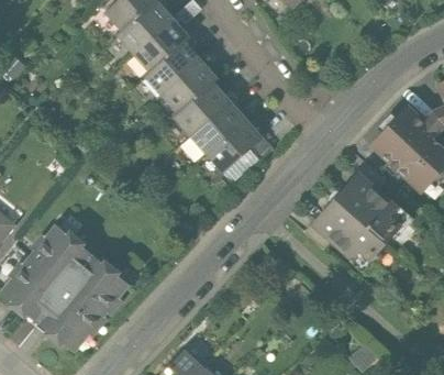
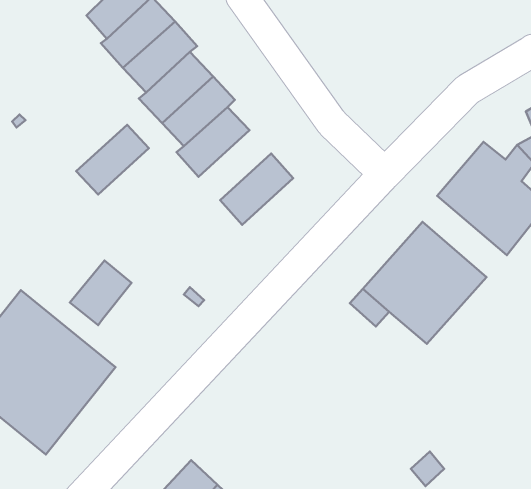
building: [190,101,245,154] -> [76,125,149,195]
building: none -> [70,260,131,325]

